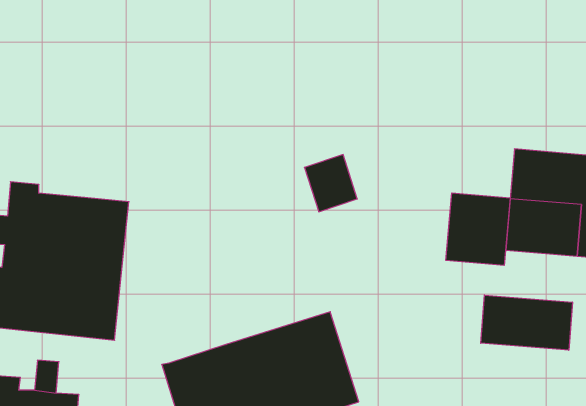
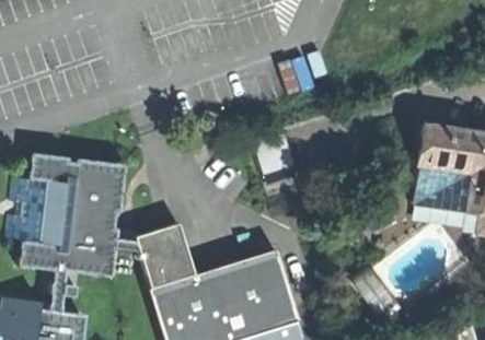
building: [446,193,510,265] -> none
building: none -> [136,224,197,292]
building: [481,295,572,350] -> none

